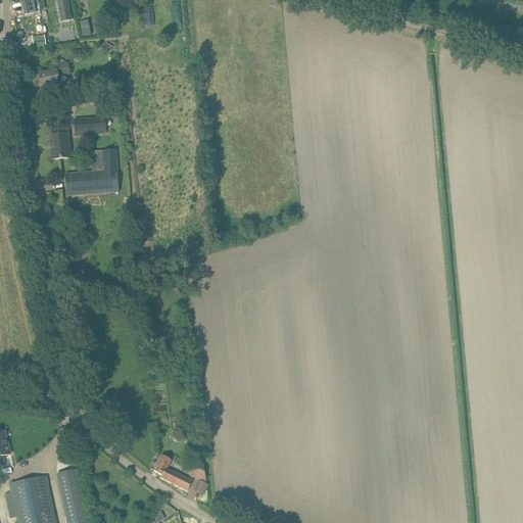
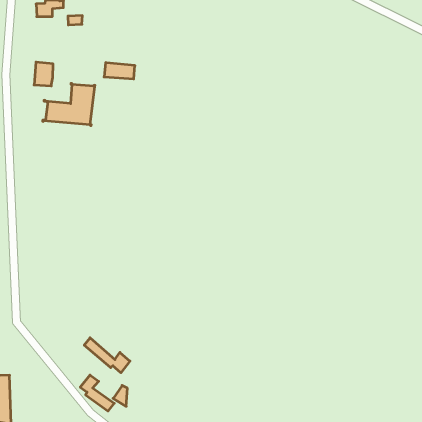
building: [74,116,106,134] -> [104,63,135,79]
building: none -> [84,338,130,373]

